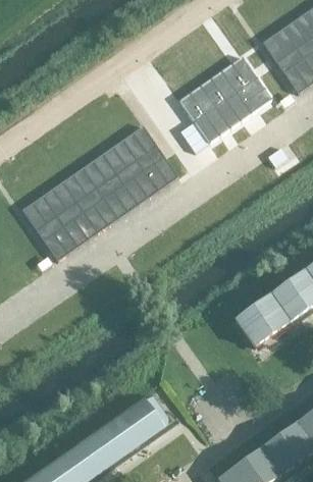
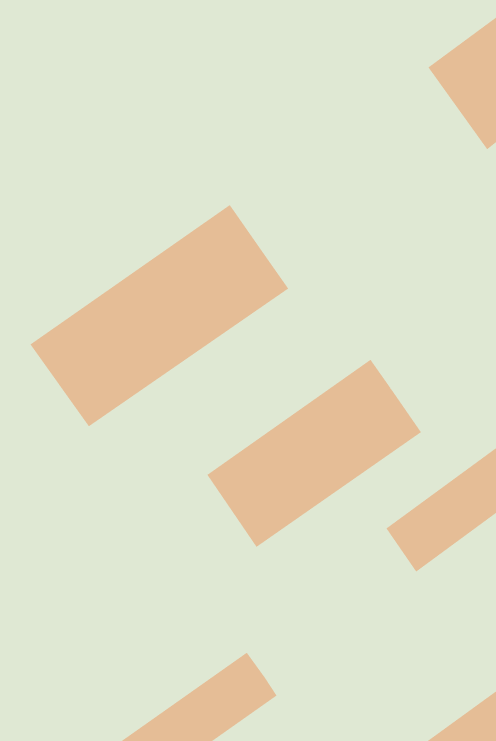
building: [172,65,265,152] -> none
building: none -> [207,359,422,548]

